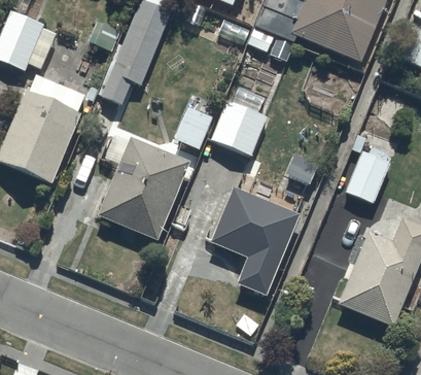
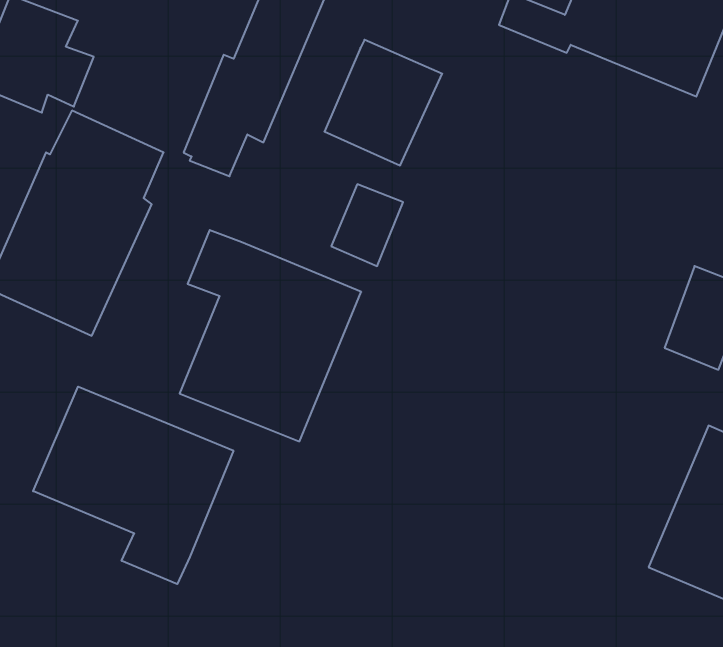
building: [212,91,273,156] -> [324,40,442,165]
building: [210,186,300,295] -> none
building: none -> [33,387,233,584]

